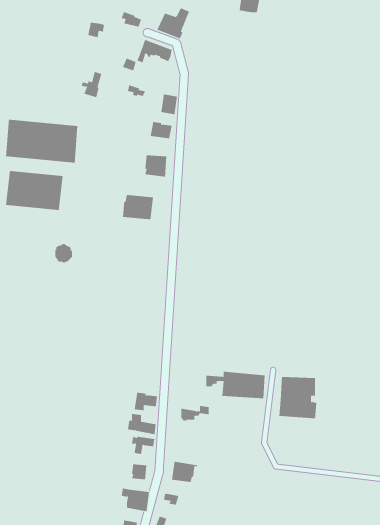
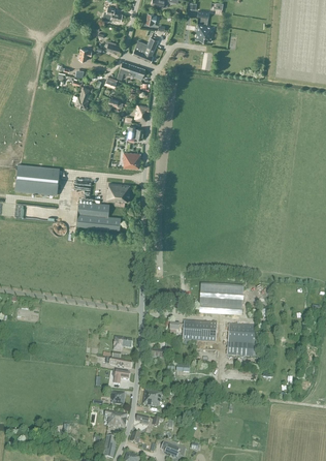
building: [6,119,78,164] -> none
building: none -> [75,201,121,229]
building: none -> [199,283,243,316]

